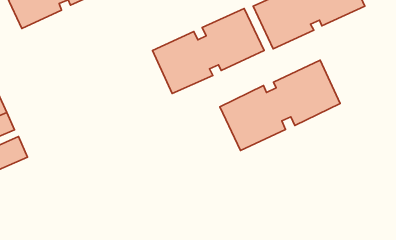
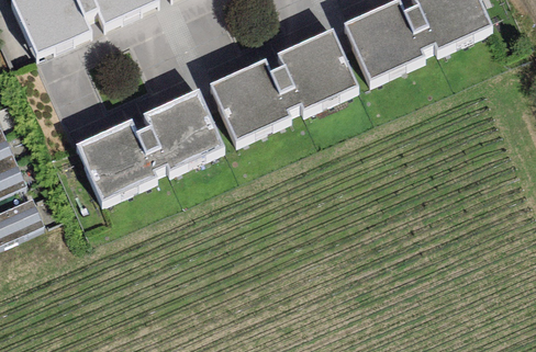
building: none -> [75,90,224,203]
building: [220,60,340,151] -> none

